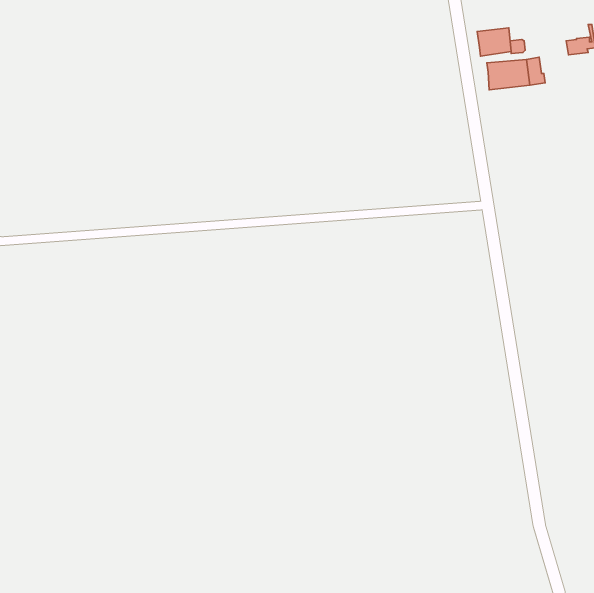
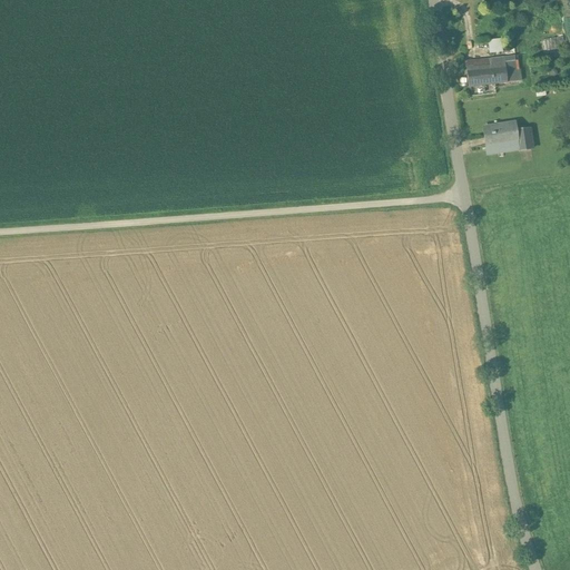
building: [477,28,511,56] -> none
building: none -> [484,120,520,146]

